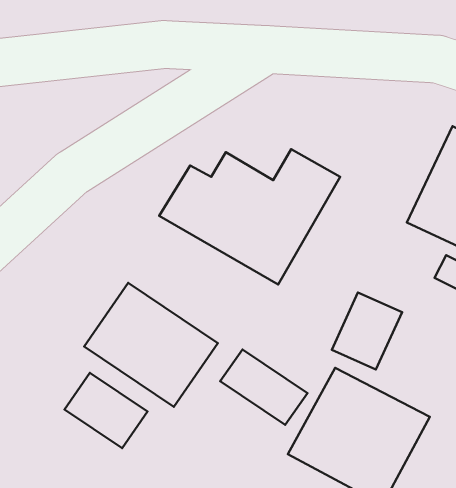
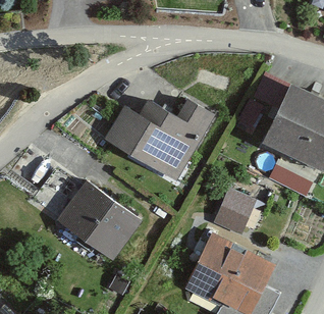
building: [220,349,307,425] -> none
building: [65,373,147,448] -> none

